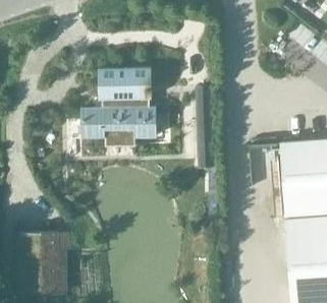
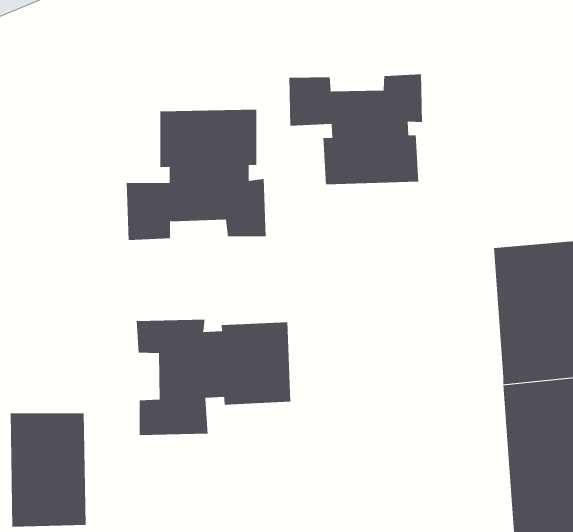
building: none -> [289,74,423,185]
building: none -> [136,319,291,436]

